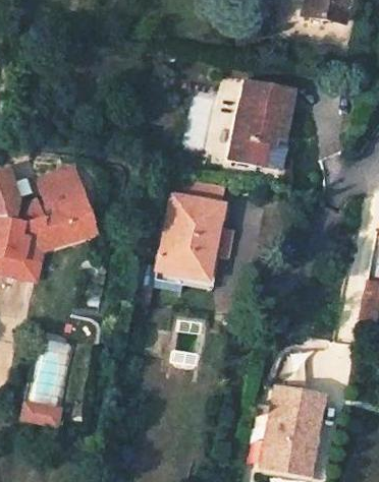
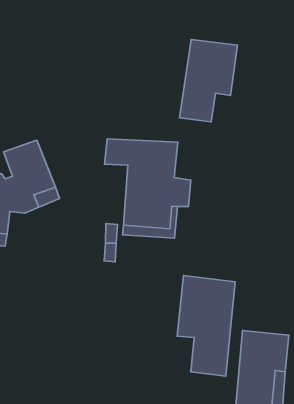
building: none -> [177,275,235,376]
building: [21,397,65,428] -> none

